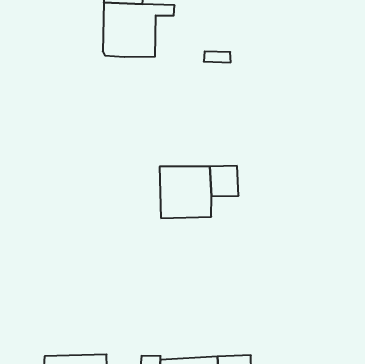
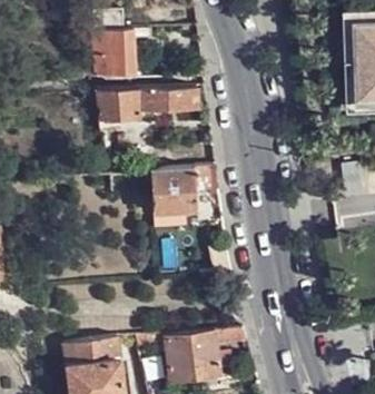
building: none -> [110,89,198,121]

